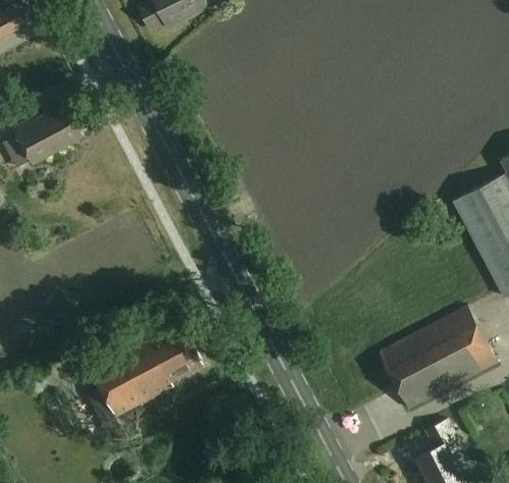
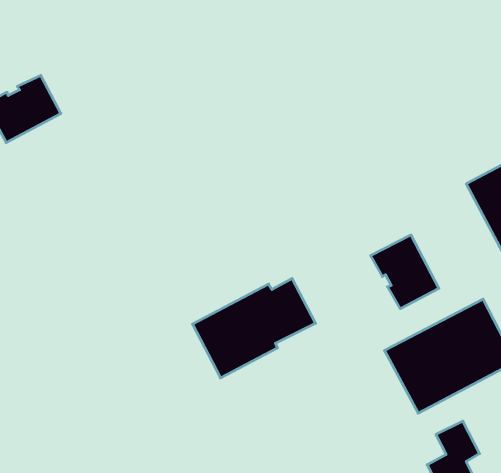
building: none -> [371,235,439,309]
building: [92,324,204,415] -> [192,278,316,378]

